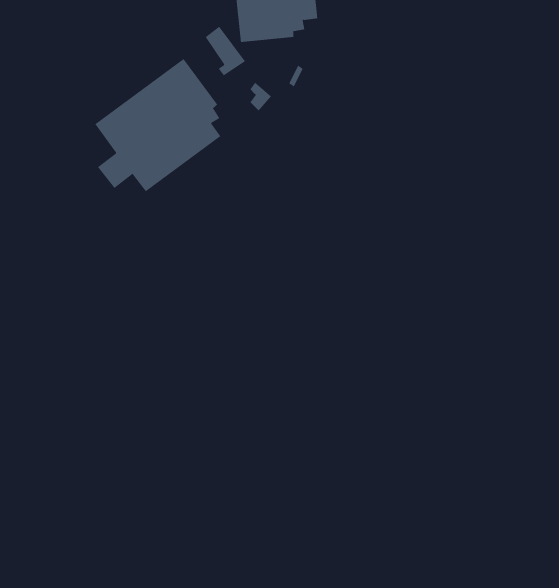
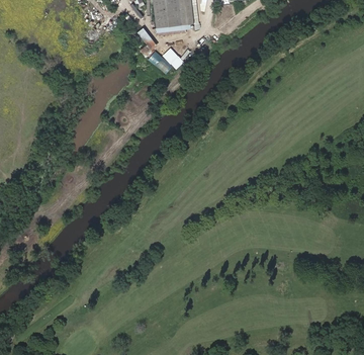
building: [94,58,221,192] -> none

